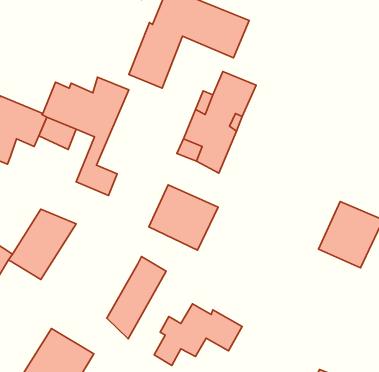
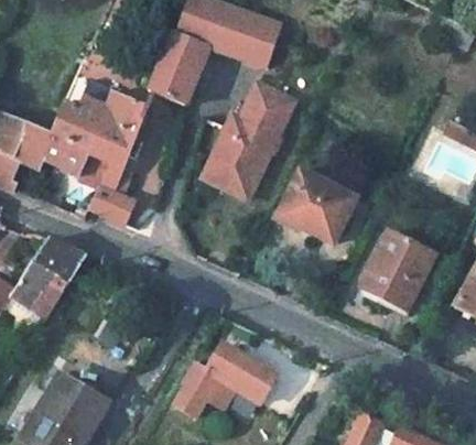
building: [149,185,218,250] -> [273,170,351,243]
building: [107,257,166,339] -> none

